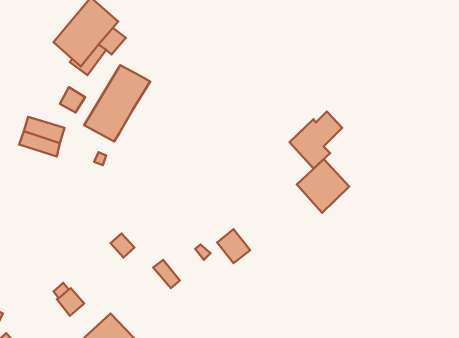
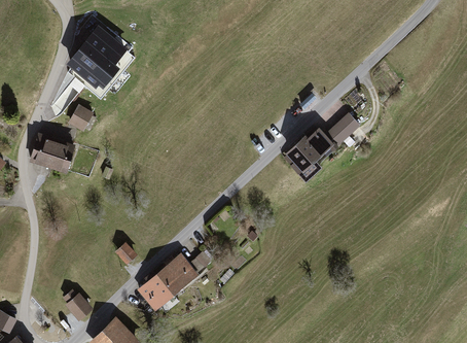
building: [84,65,150,142] -> none
building: none -> [327,112,360,145]
building: [297,159,349,213] -> none
building: [217,229,250,263] -> [166,254,196,286]
building: none -> [138,274,173,309]

